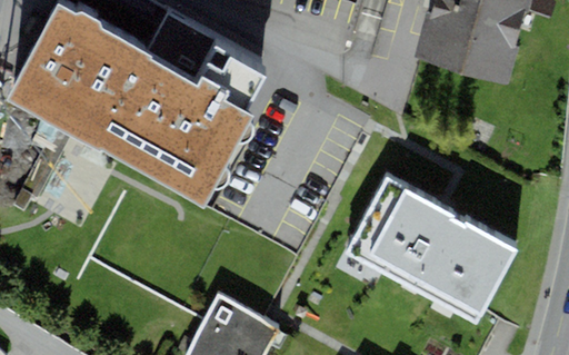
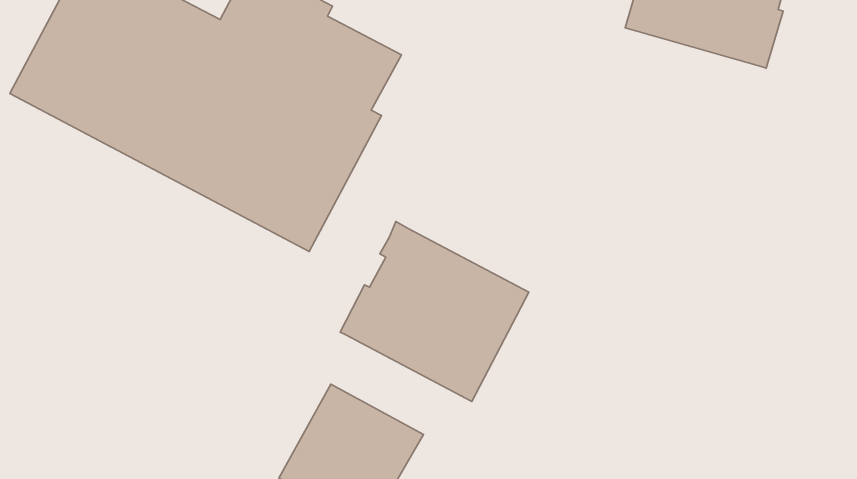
building: [347,175,518,321] -> none
building: none -> [340,222,529,402]

